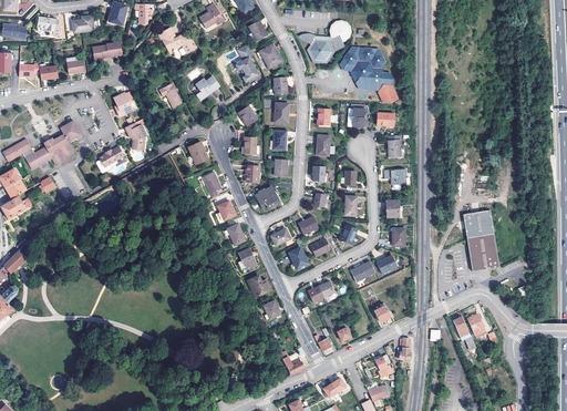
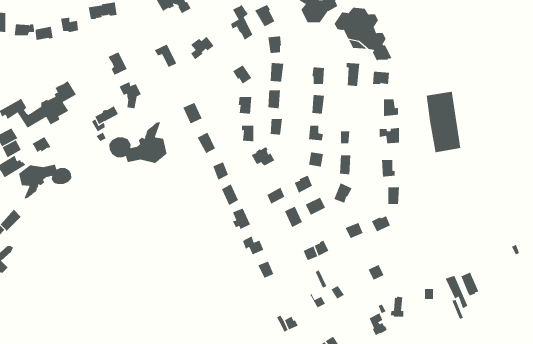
building: none -> [109,122,167,164]
building: none -> [19,164,72,199]
building: [463,209,498,271] -> [426,91,461,153]

